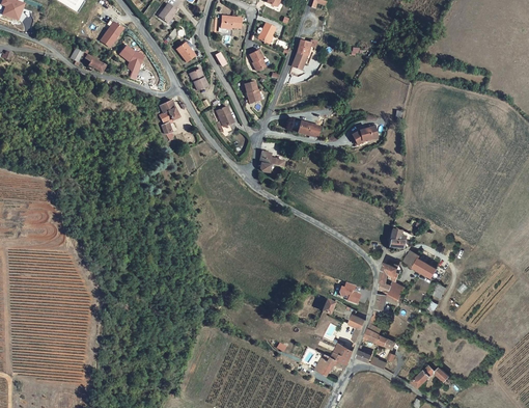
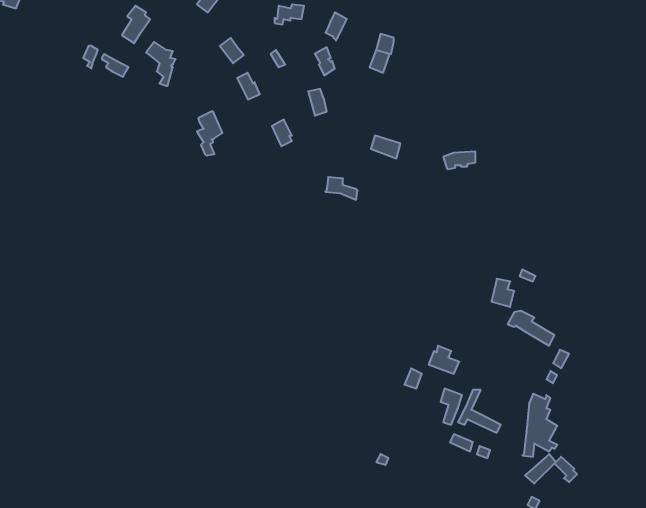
building: [374,262,401,310] -> [522,394,557,457]
building: [314,345,352,376] -> none

